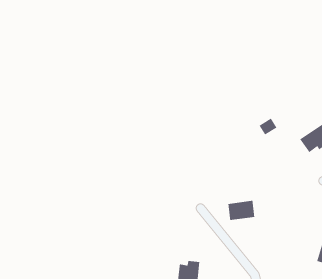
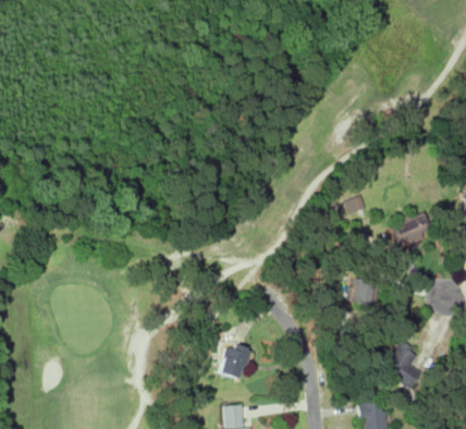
building: [228,200,255,221] -> [347,282,379,304]

